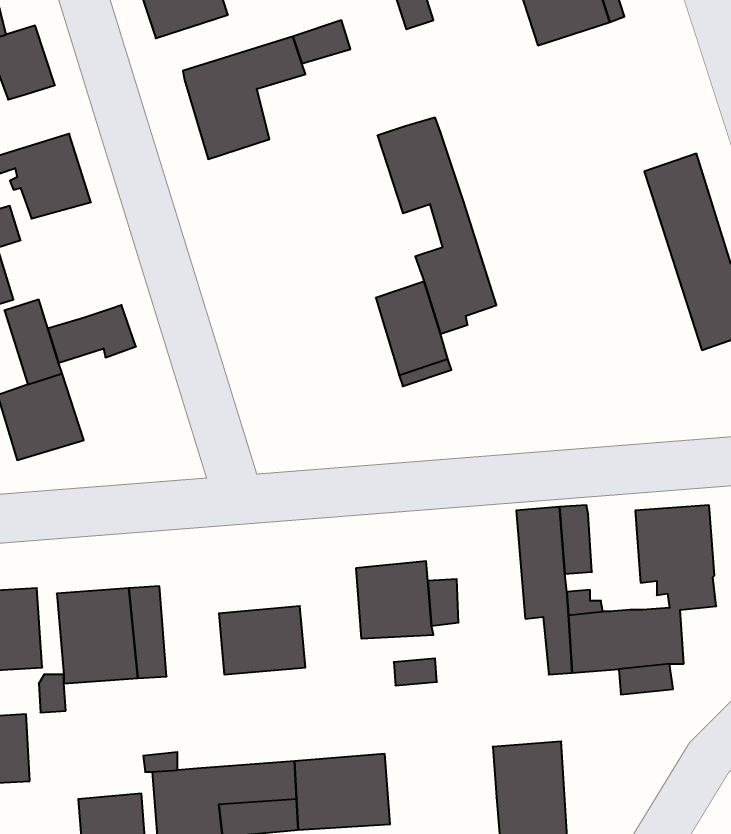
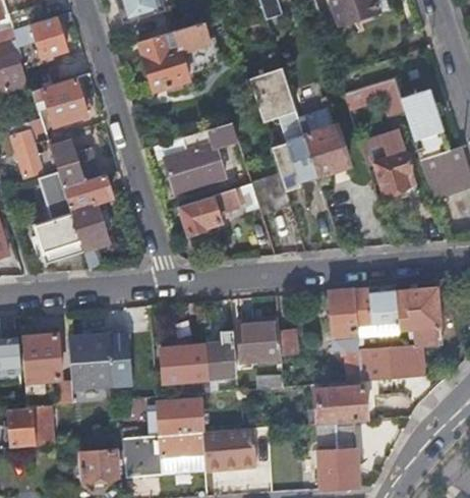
building: none -> [345,79,403,113]
building: none -> [298,106,349,174]
building: none -> [165,122,238,192]
building: none -> [360,131,417,201]
building: none -> [51,142,99,187]
building: none -> [180,183,259,235]
building: none -> [69,199,108,269]
building: none -> [368,290,398,335]
building: none -> [205,330,236,379]
building: none -> [312,387,365,424]
building: none -> [146,400,202,436]

